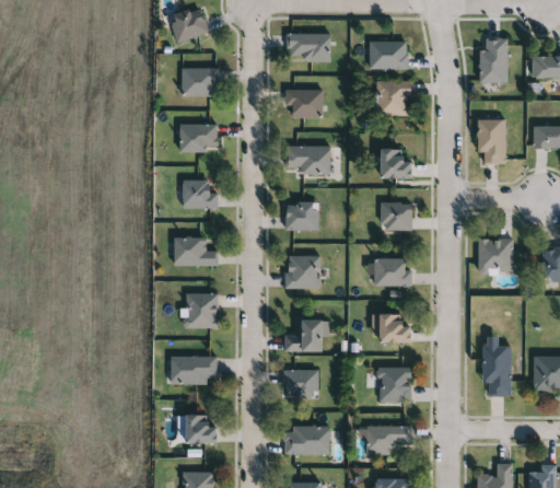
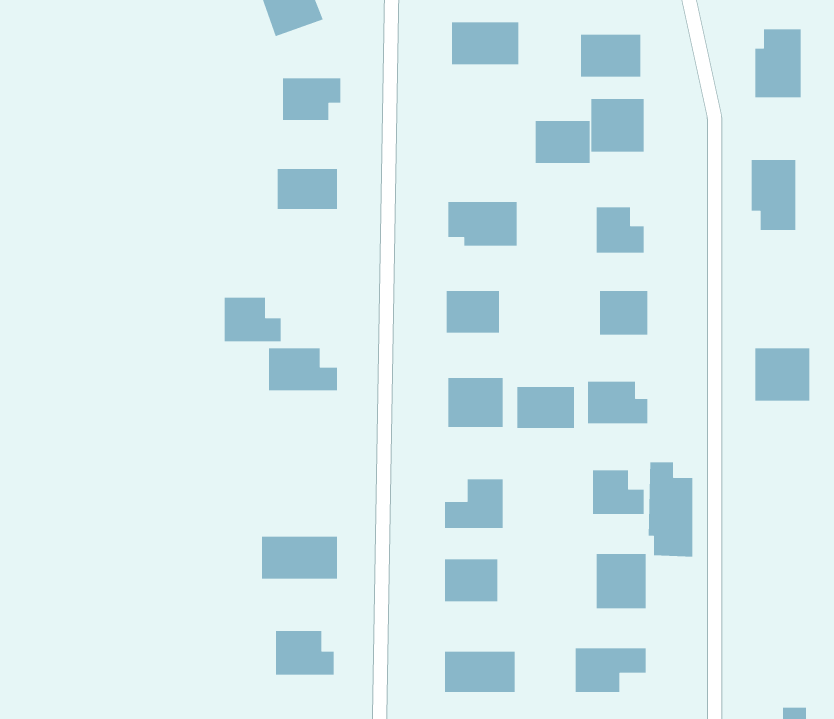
building: [288,90,323,117] -> [535,120,591,164]
building: [183,179,219,208] -> [224,297,281,342]
building: none -> [517,386,575,429]
building: [187,292,218,327] -> none
building: [482,336,511,396] -> [648,462,693,557]

